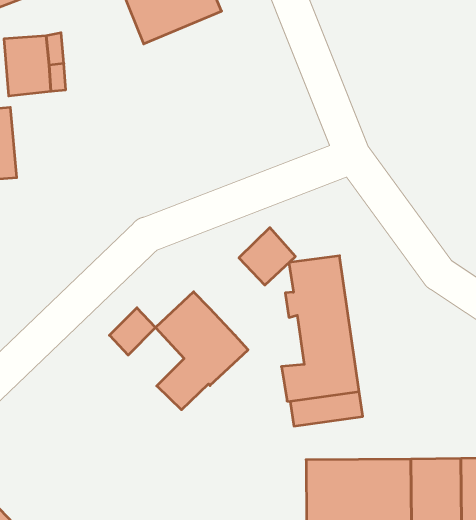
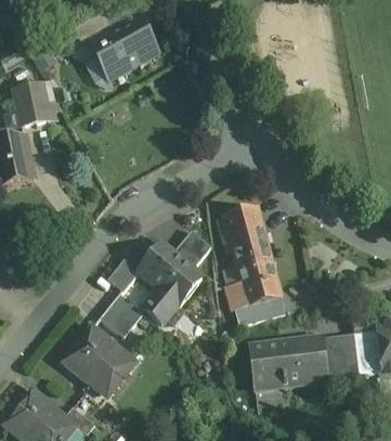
building: [239,228,295,285] -> [172,228,210,267]
building: none -> [100,291,142,335]
building: none -> [64,326,133,390]

